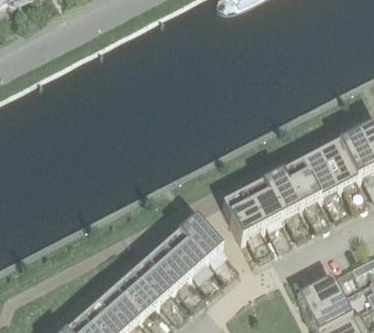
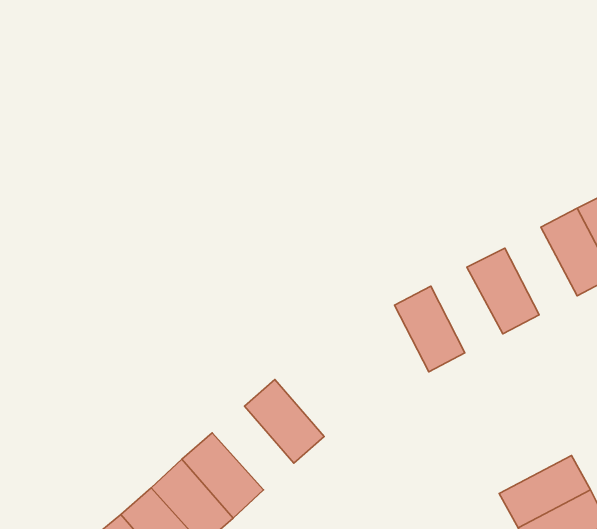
building: [300,149,338,196] -> none
building: [261,171,299,216] -> none
building: [222,191,260,236] -> none
building: [178,215,222,260] -> none
building: [145,244,189,288] -> none

